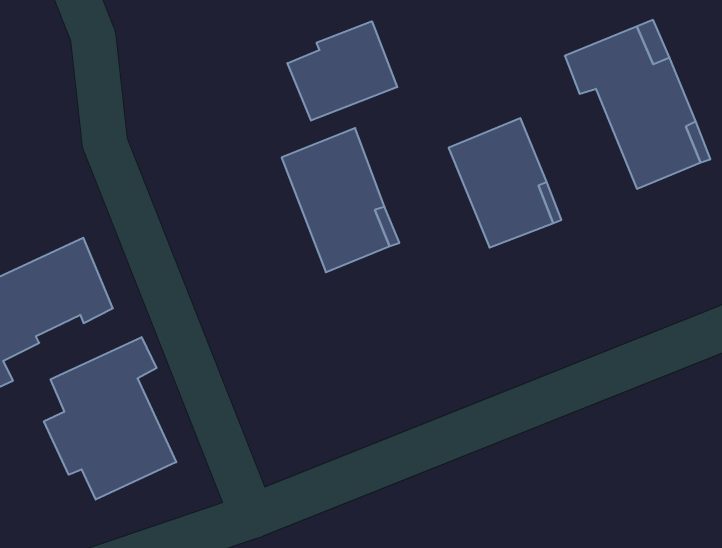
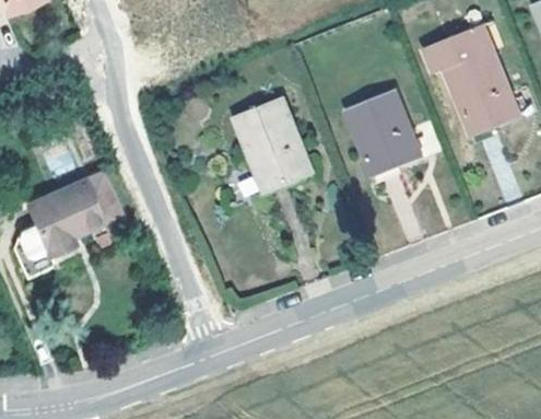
building: [287,21,397,121] -> none
building: [44,337,176,500] -> none

